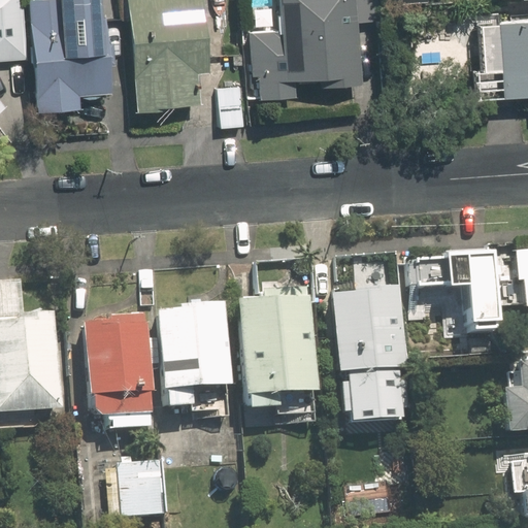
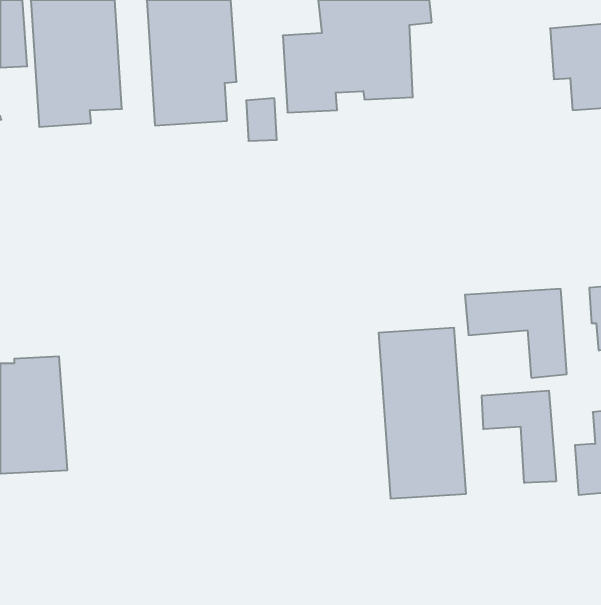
building: [240,287,317,405] -> none
building: [159,303,230,405] -> none
building: [85,314,153,425] -> none
building: none -> [482,391,556,483]
building: [117,461,163,517] -> none

